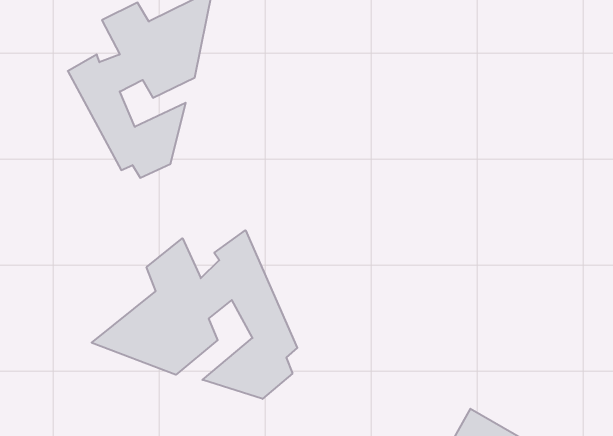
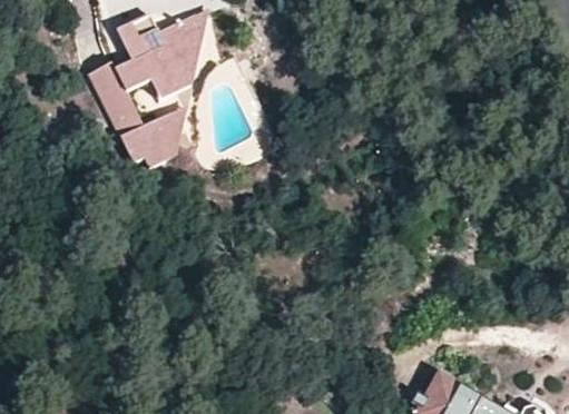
building: [92,230,297,399] -> none

